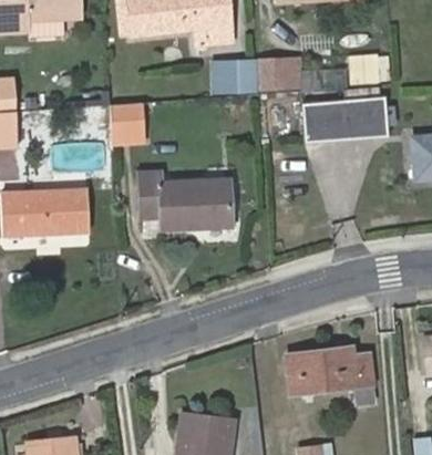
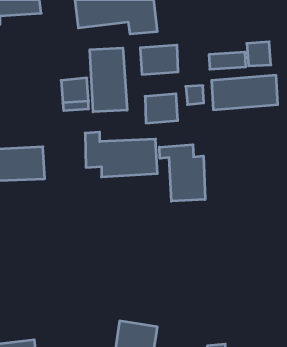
building: [259,55,301,93] -> [145,94,178,123]
building: none -> [90,48,127,112]
building: none -> [159,145,205,201]
building: [290,348,374,403] -> none

